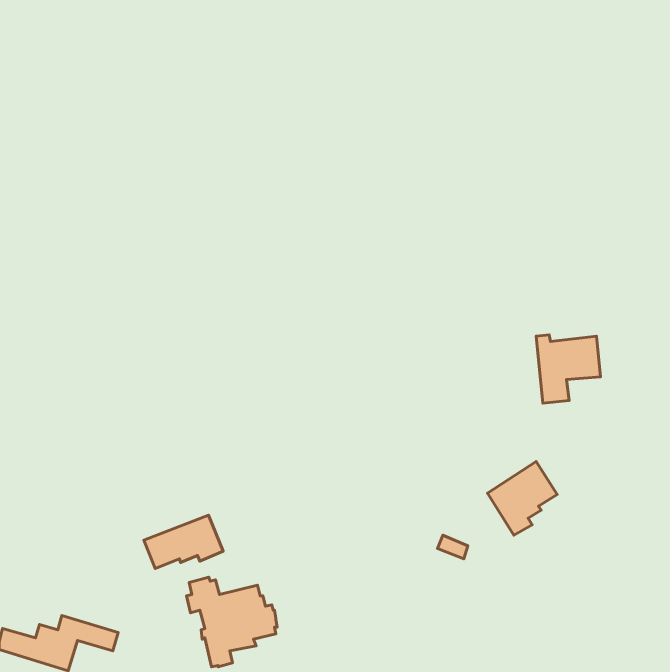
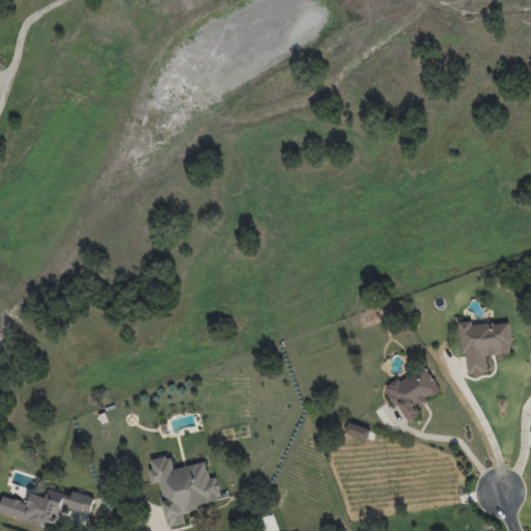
building: [536,335,601,403] -> [459,320,510,374]
building: [144,515,223,568] -> none

